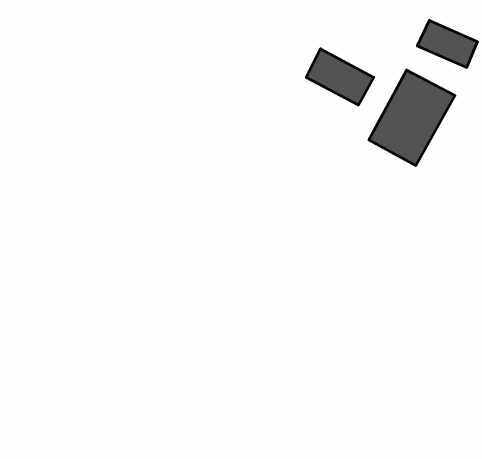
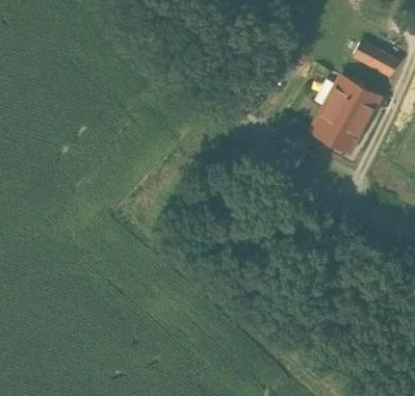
building: [306,49,374,105] -> none

